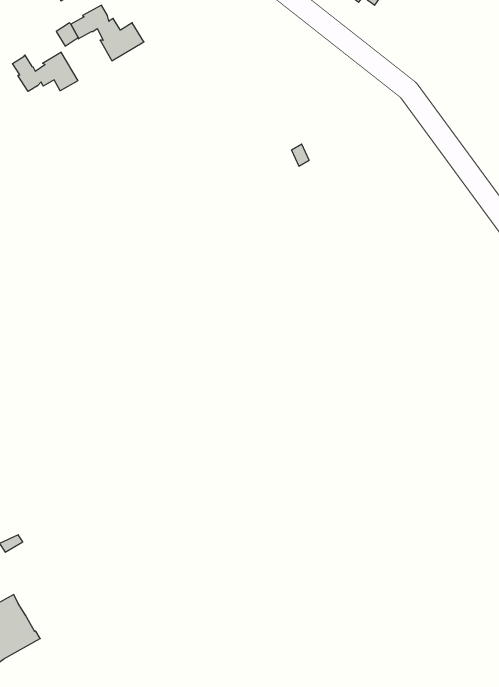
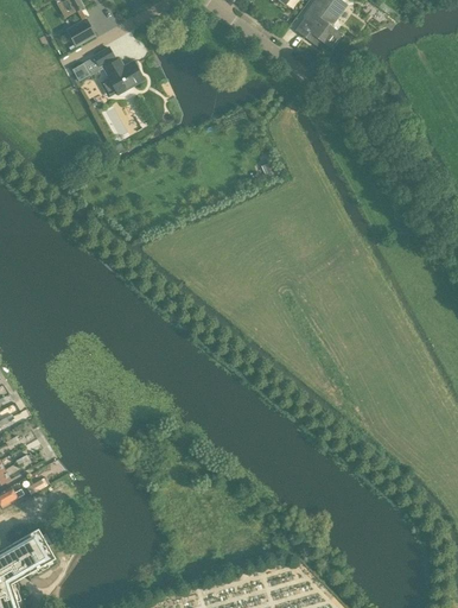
building: [13,52,78,91] -> none

